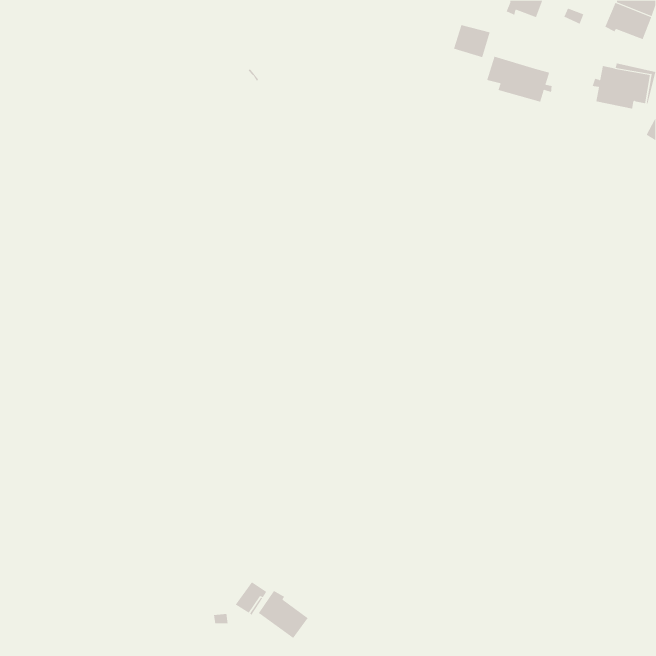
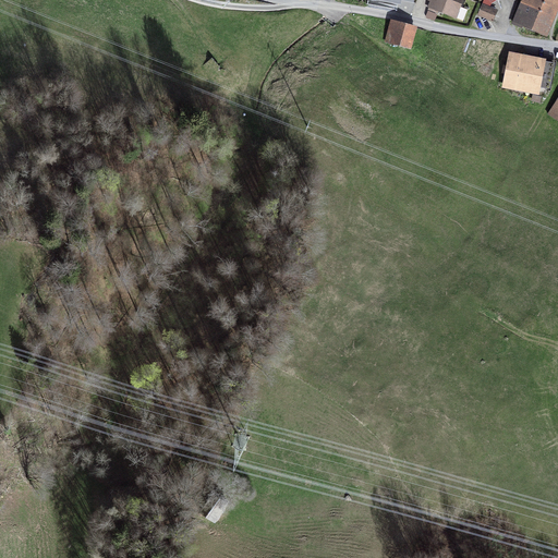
building: [487,56,552,102] -> none
building: [258,590,309,639] -> none

